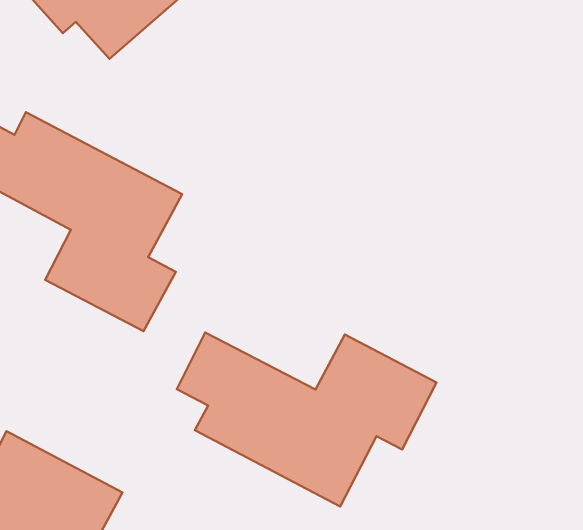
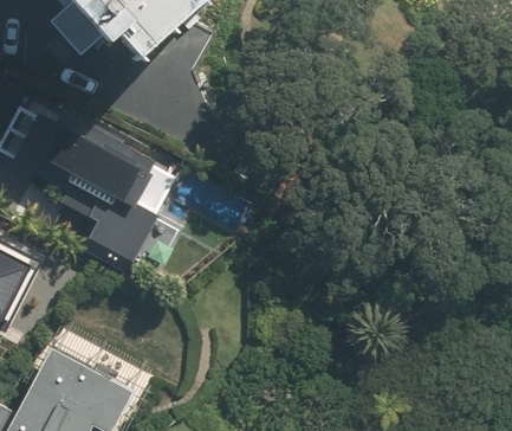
building: [177,333,436,507] -> none

